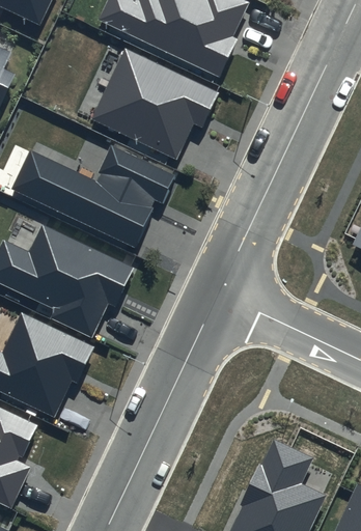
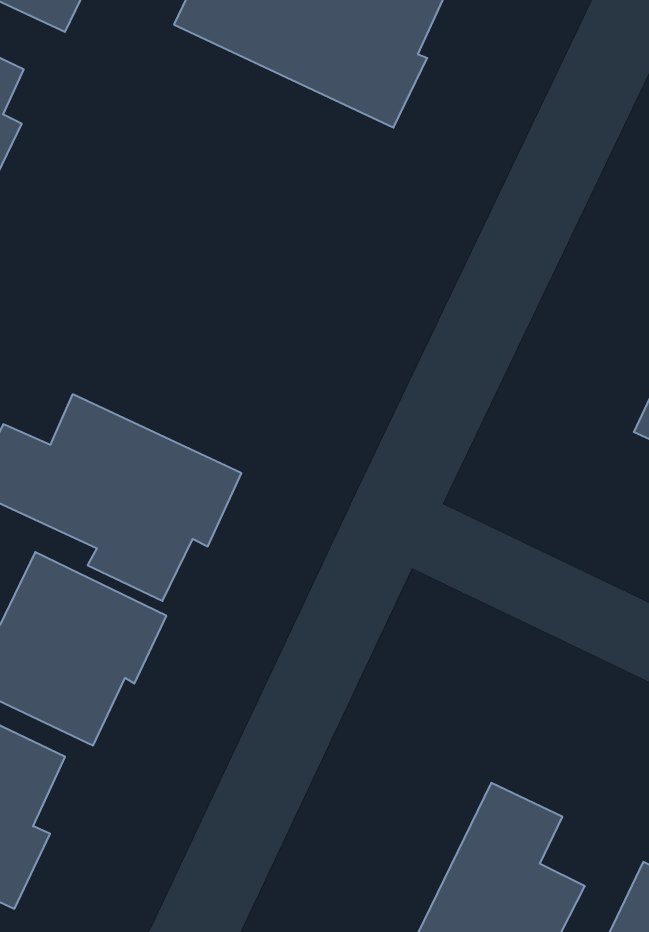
building: [89,47,219,161] -> none
building: [11,144,176,246] -> none

